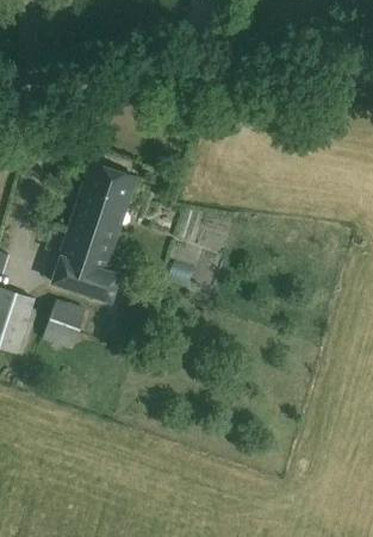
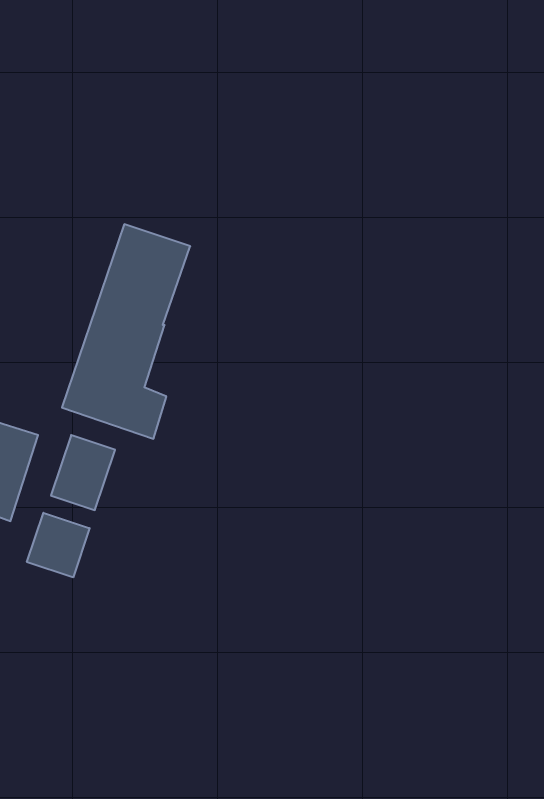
building: none -> [27,513,90,577]

